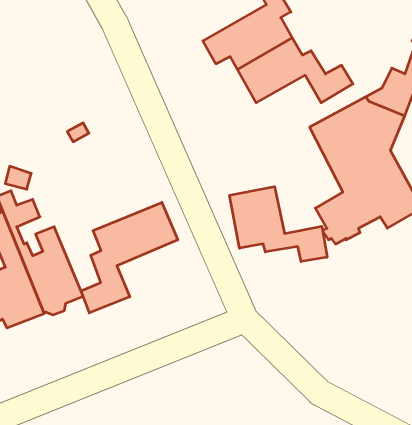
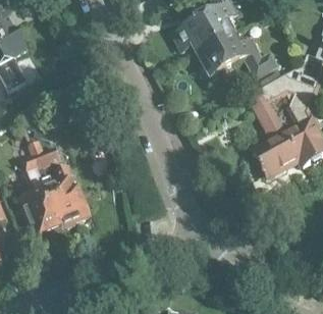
building: [230,187,327,262] -> none
building: [81,202,178,313] -> none

